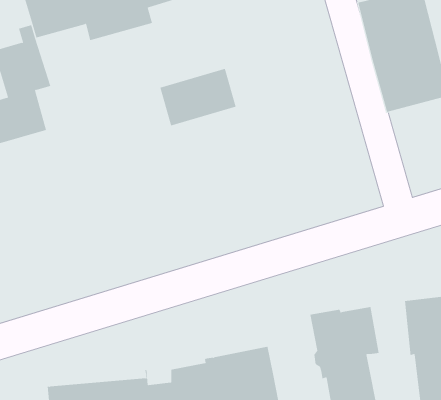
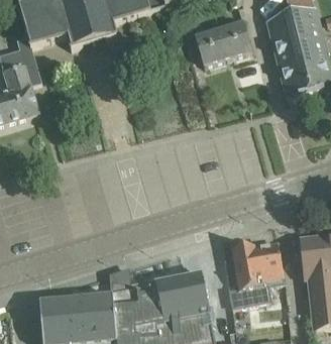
building: [160,68,237,126] -> [195,21,251,64]

